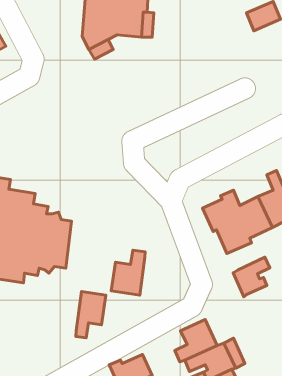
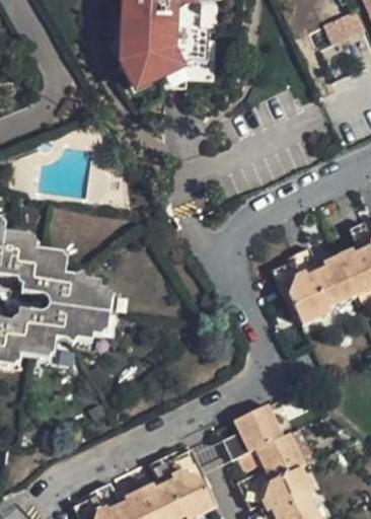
building: [111,250,145,295] -> none
building: [233,257,270,297] -> none
building: [76,291,106,338] -> none

